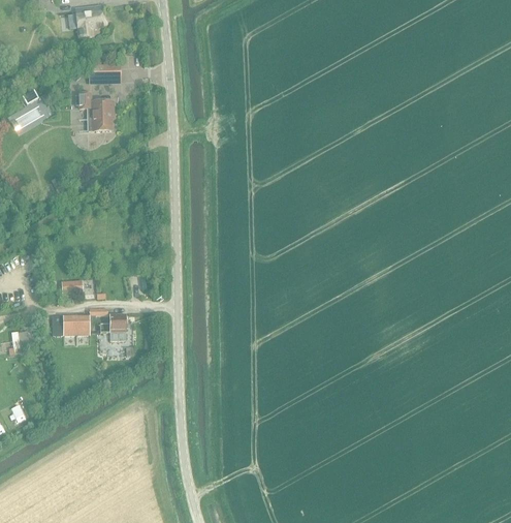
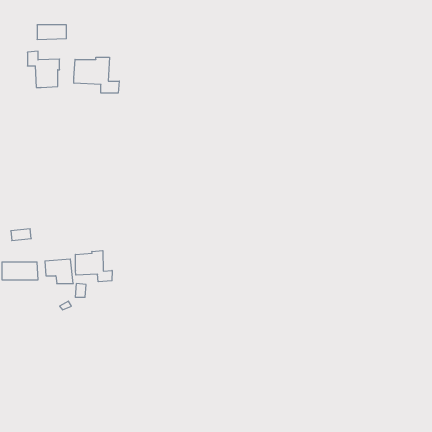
building: none -> [74,57,119,93]
building: none -> [75,251,112,282]

